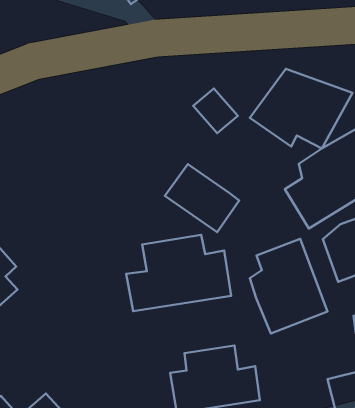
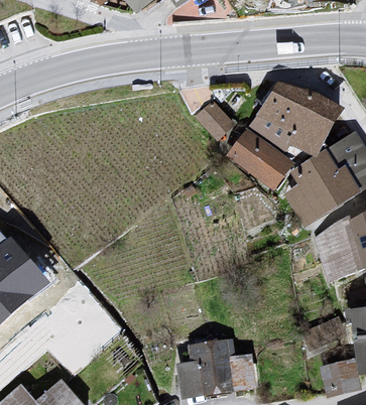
building: [165,164,239,232] -> [227,126,295,188]
building: [126,235,231,311] -> none
building: [250,239,327,333] -> none

